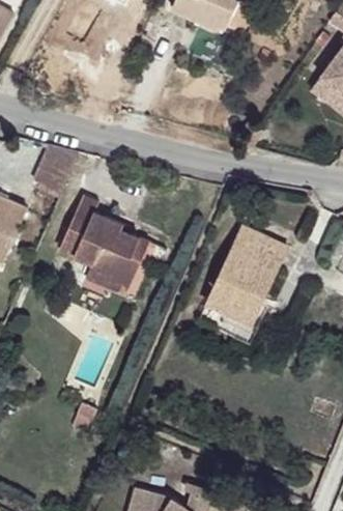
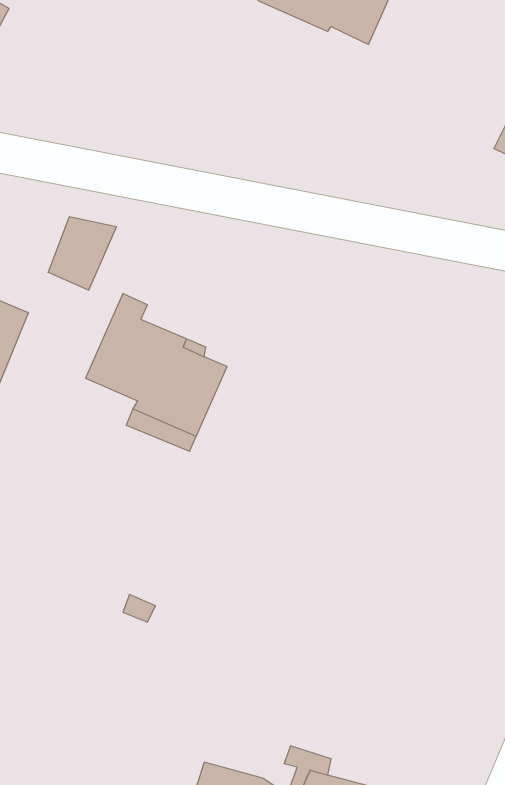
building: [207,228,287,325] -> none

